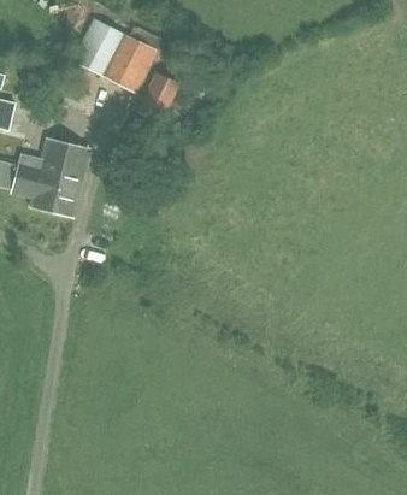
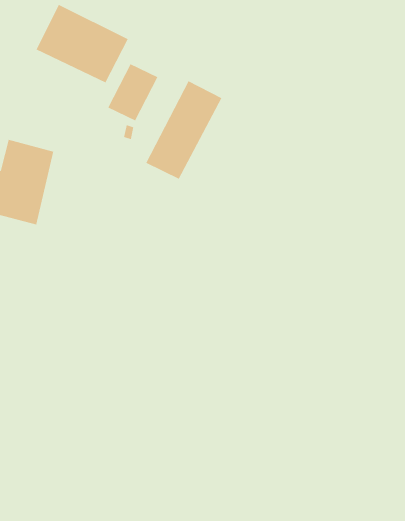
building: none -> [145,80,222,180]

